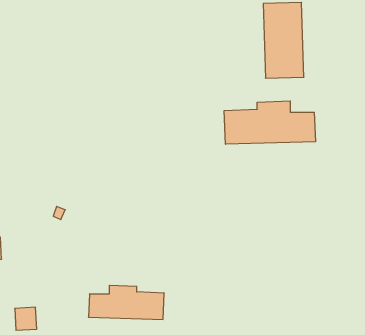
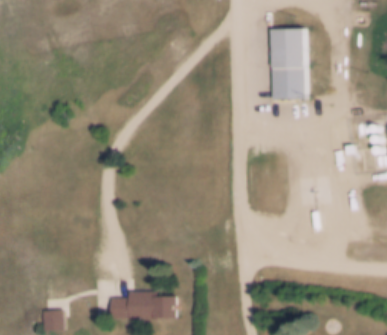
building: [224,101,315,144] -> none

